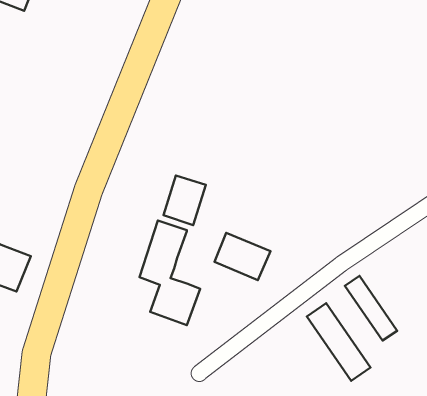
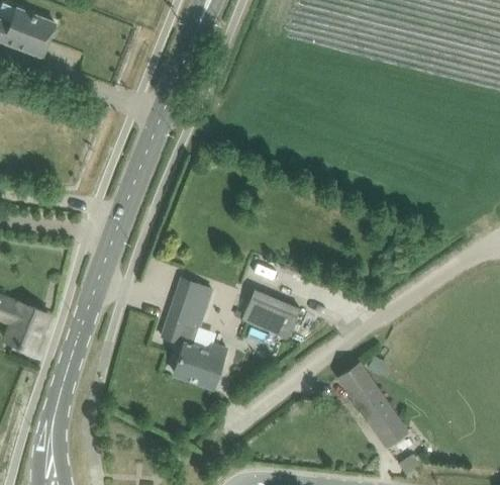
building: [163,176,206,225] -> none
building: [345,276,397,341] -> none

